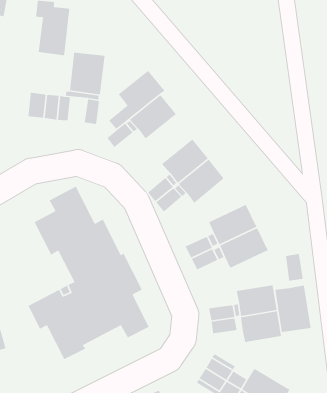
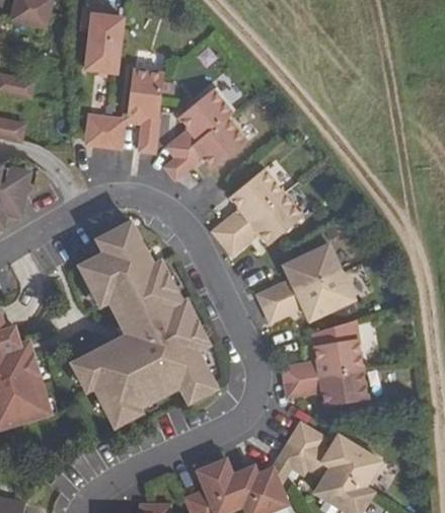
building: [274,253,311,333] -> none

